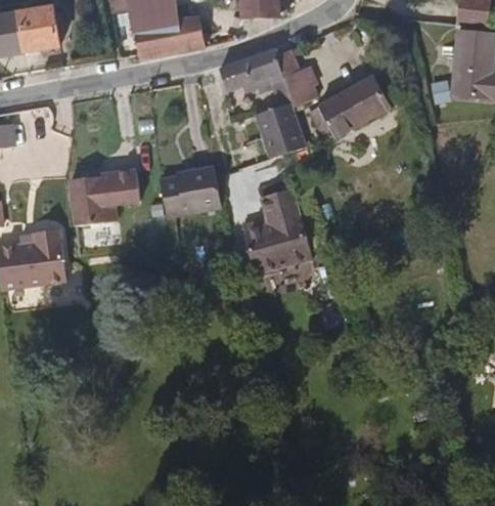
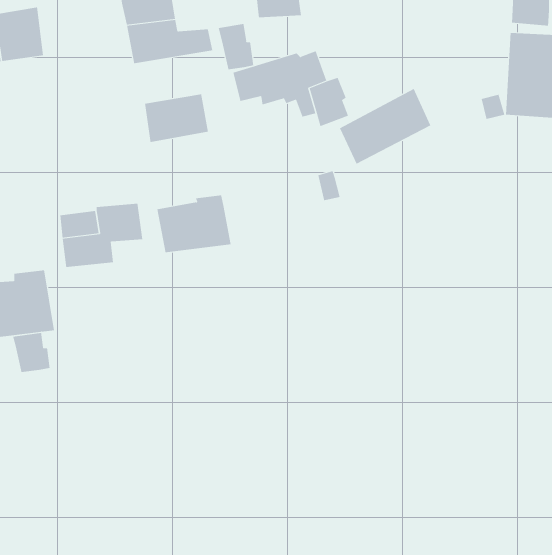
building: none -> [218,23,254,70]
building: none -> [144,94,208,143]
building: [253,97,305,156] -> none
building: [246,193,312,276] -> none
building: none -> [13,332,50,373]

